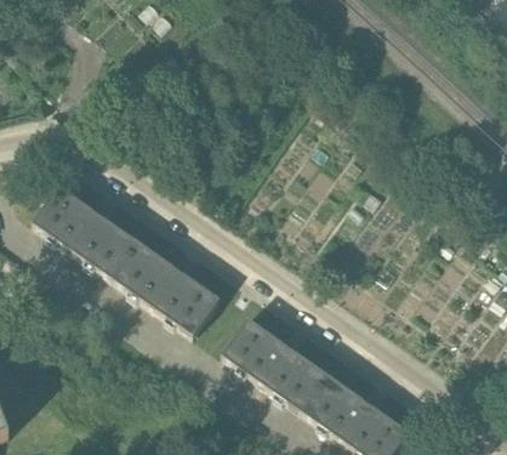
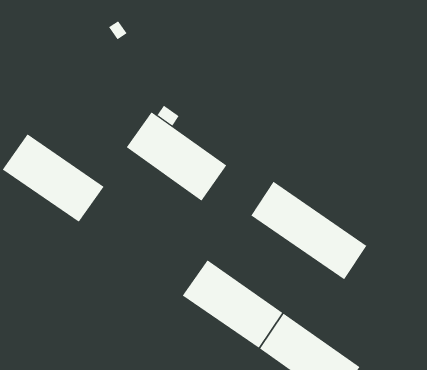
building: none -> [251,181,367,280]
building: [114,241,221,336] -> [126,111,227,201]

